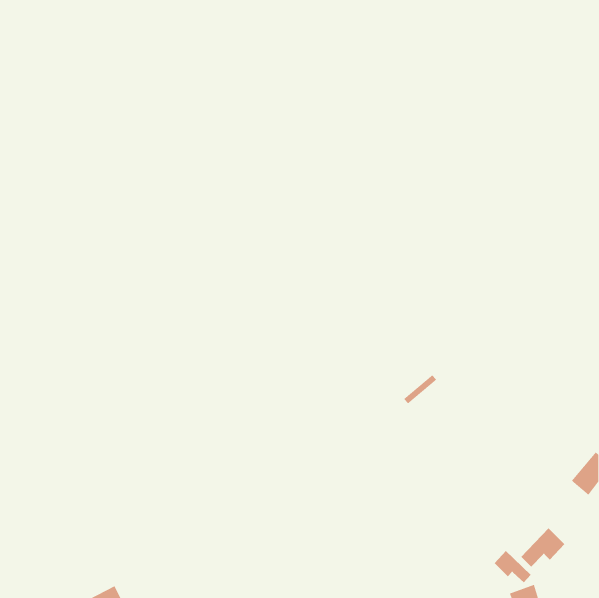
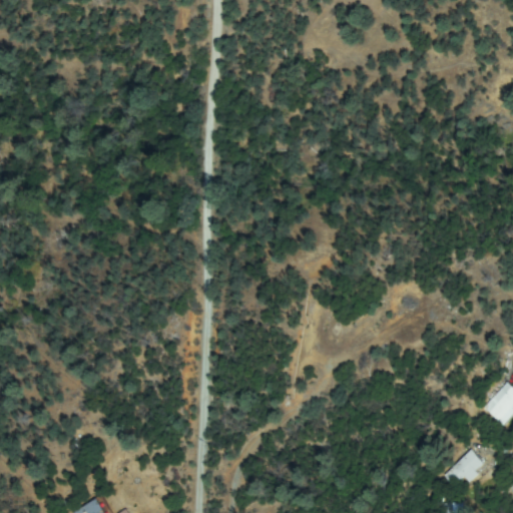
building: [494,550,532,583] -> none

